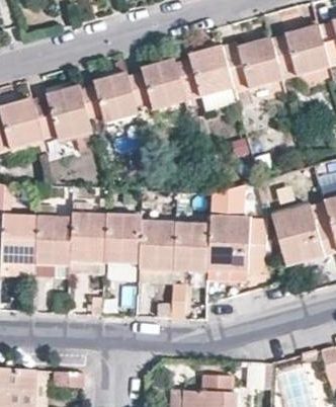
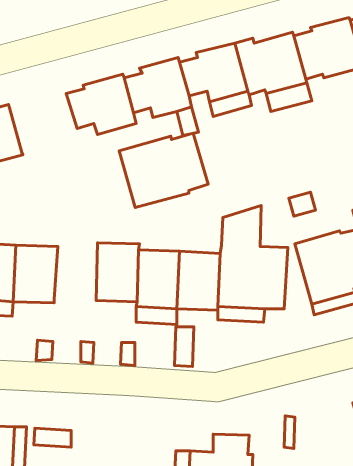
building: [32,84,92,139] -> none
building: none -> [119,133,208,207]
building: [70,213,106,262] -> none

